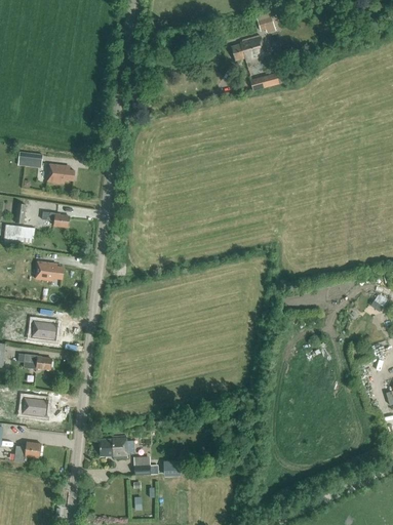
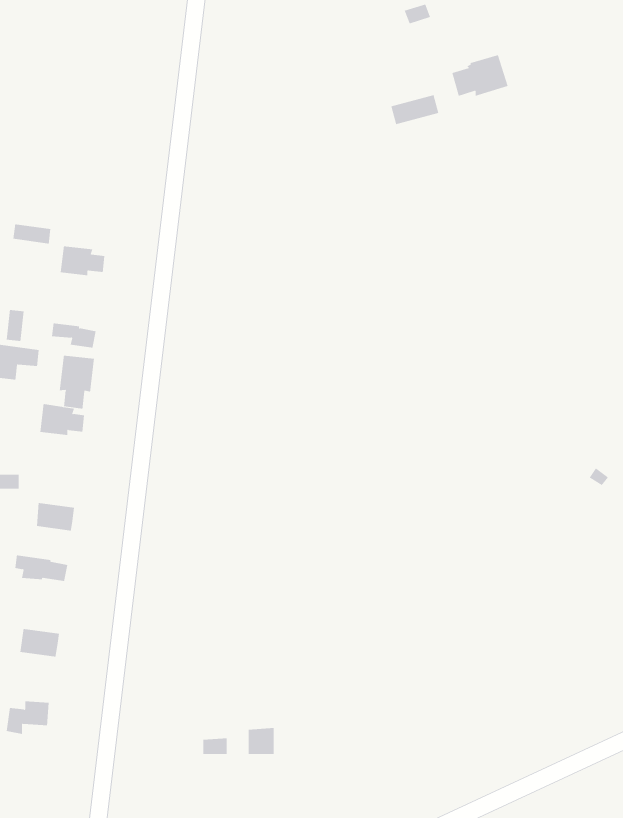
building: [231,35,266,60] -> [451,54,508,96]
building: none -> [59,355,95,409]
building: [100,436,134,458] -> none

